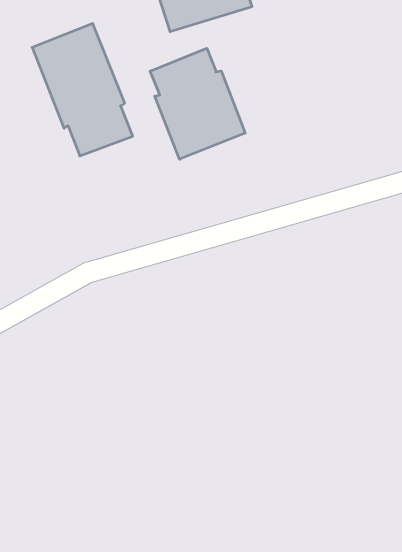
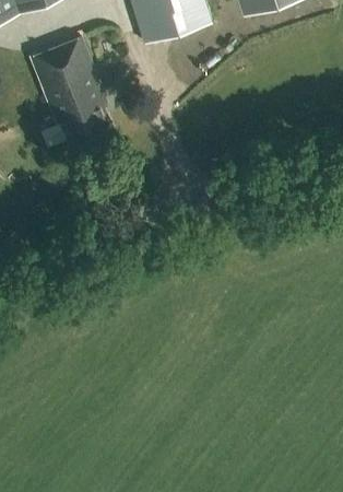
building: [150,48,245,159] -> none

